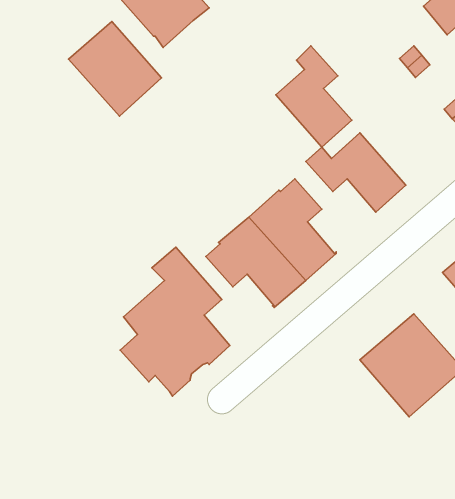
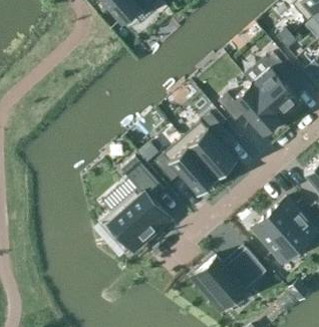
building: [69,21,161,116] -> none
building: [276,46,352,147] -> [254,55,302,119]
building: none -> [200,251,268,307]

